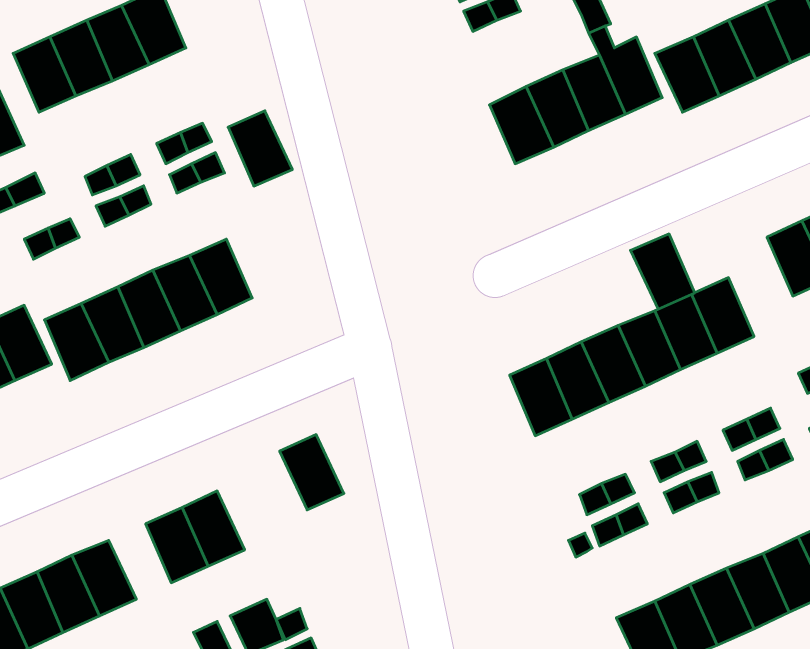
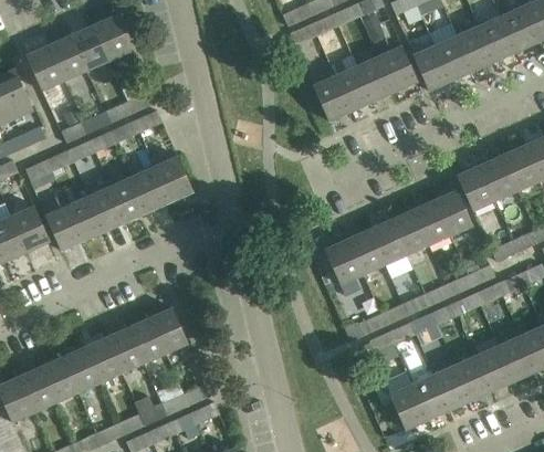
building: [228,111,292,186] -> [155,156,193,201]
building: [630,234,695,309] -> [457,165,495,210]
building: [280,435,344,510] -> [149,307,188,353]
building: none -> [84,337,122,382]

